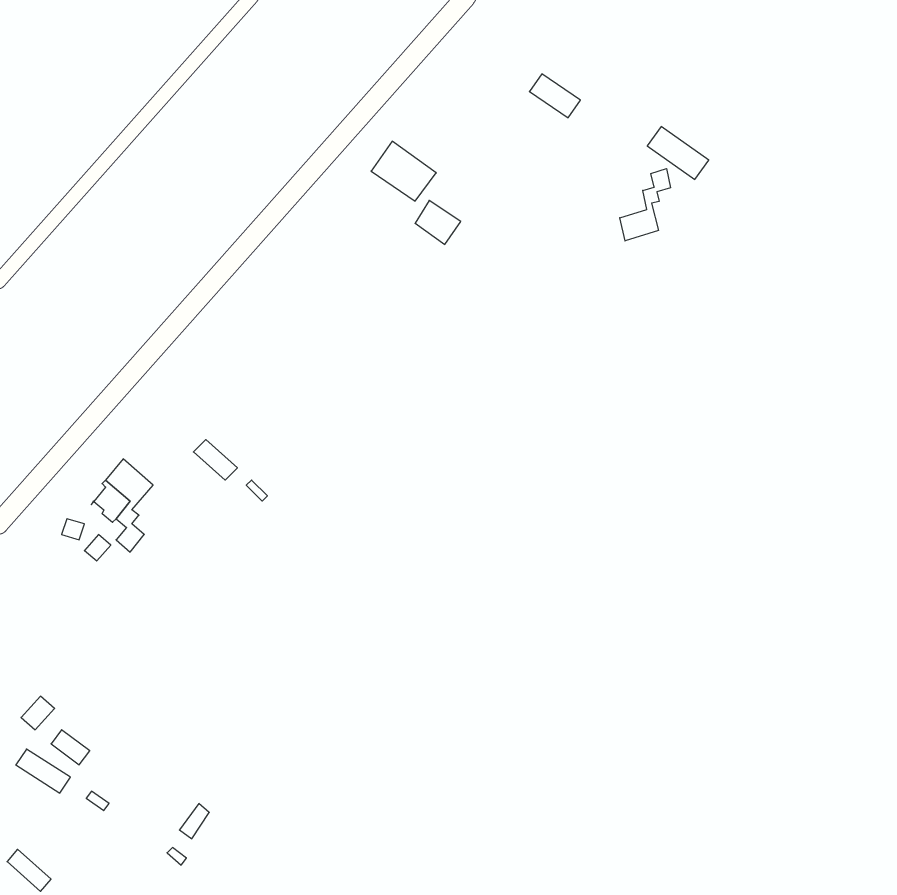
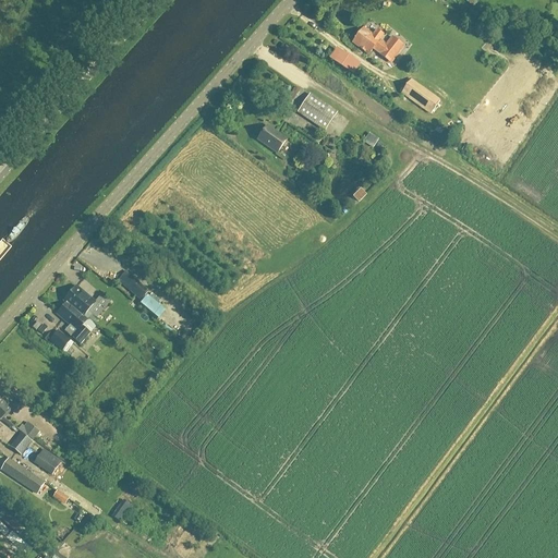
building: none -> [352,26,402,58]
building: [371,141,436,201] -> [296,92,337,129]
building: [620,169,671,241] -> none

